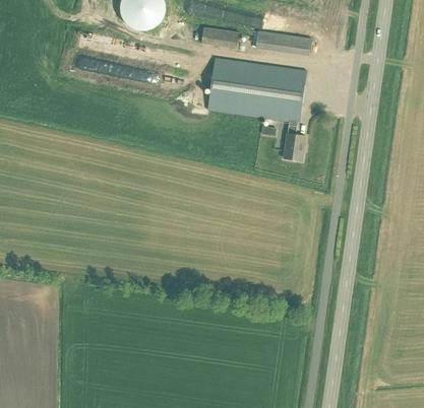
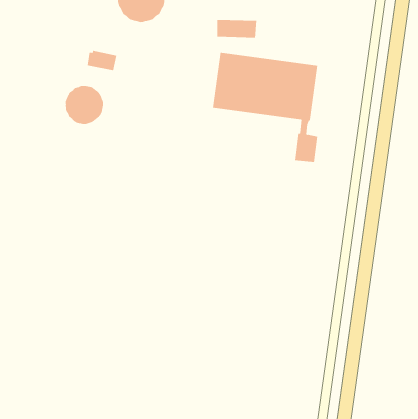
building: [256,30,312,55] -> none
building: none -> [65,85,104,125]

